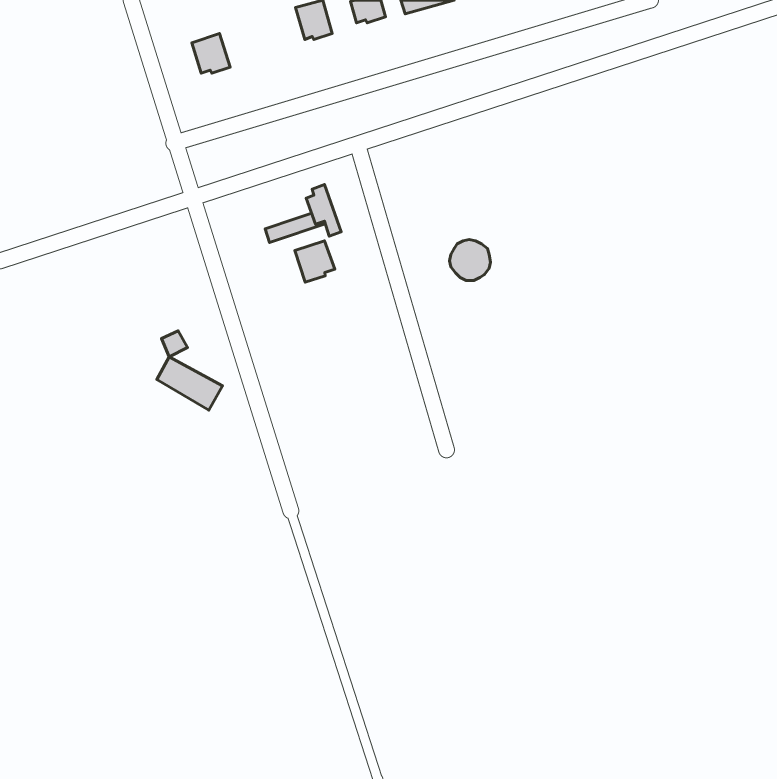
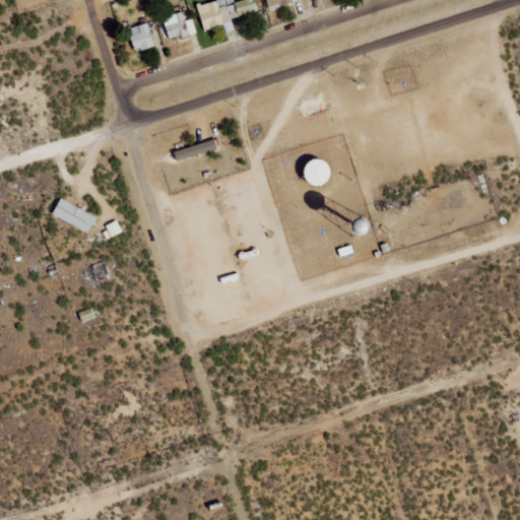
building: none -> [164,11,189,38]
building: [295,241,335,282] -> none
building: [157,357,222,410] -> [53,197,96,233]

